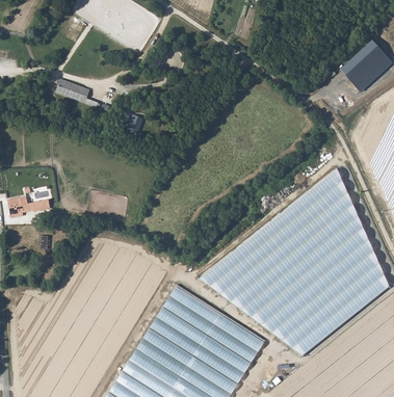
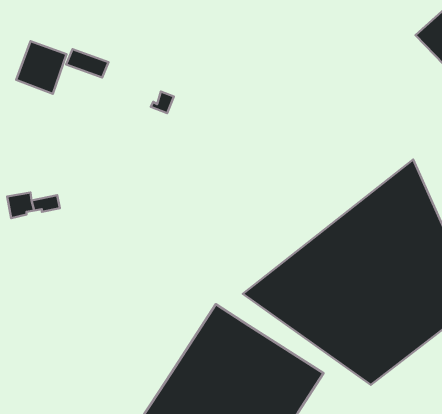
building: none -> [16,41,67,94]

